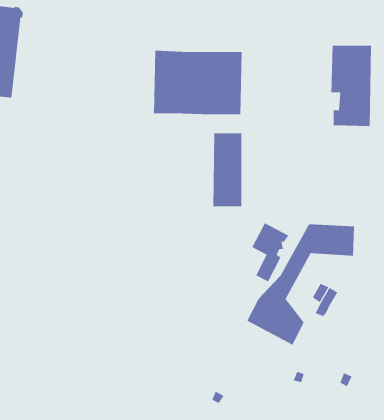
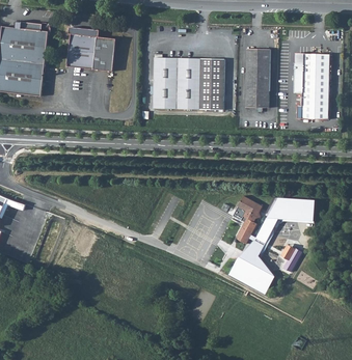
building: none -> [66,26,115,71]
building: [212,133,242,207] -> [245,48,269,107]

